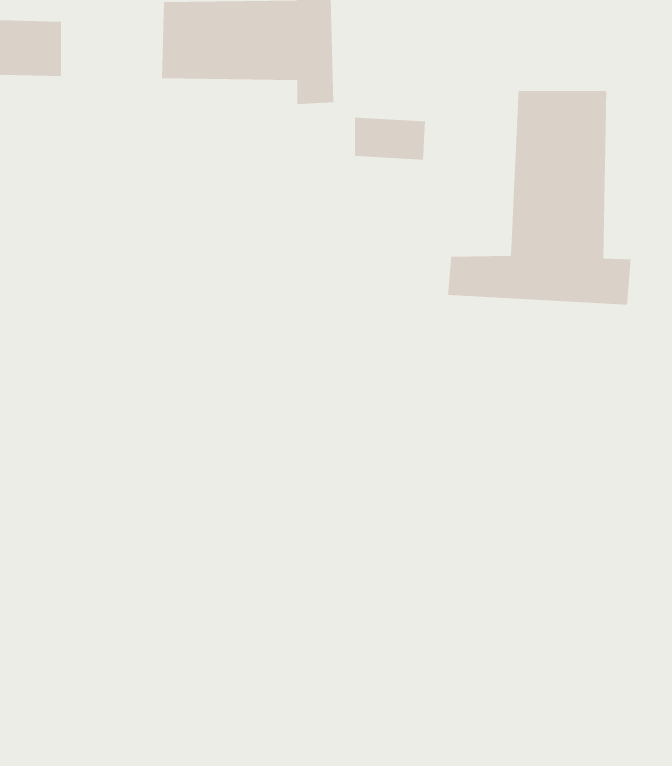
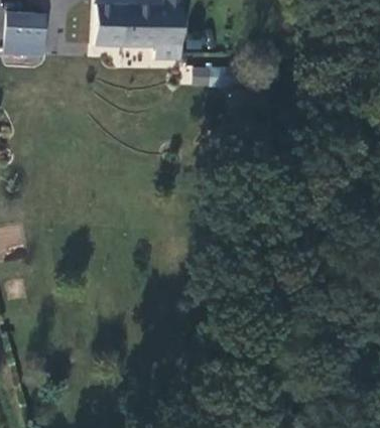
building: [447,90,632,305] -> none

